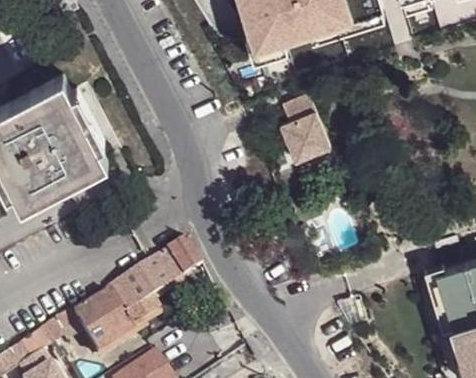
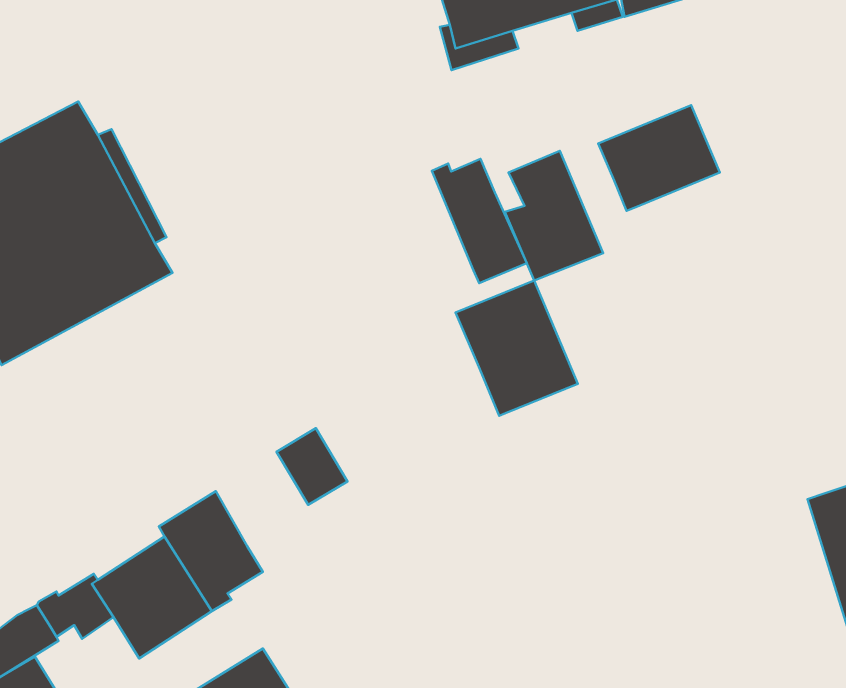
building: none -> [598,105,720,211]
building: none -> [432,159,527,283]
building: none -> [455,281,578,416]
building: [132,250,179,298] -> none

